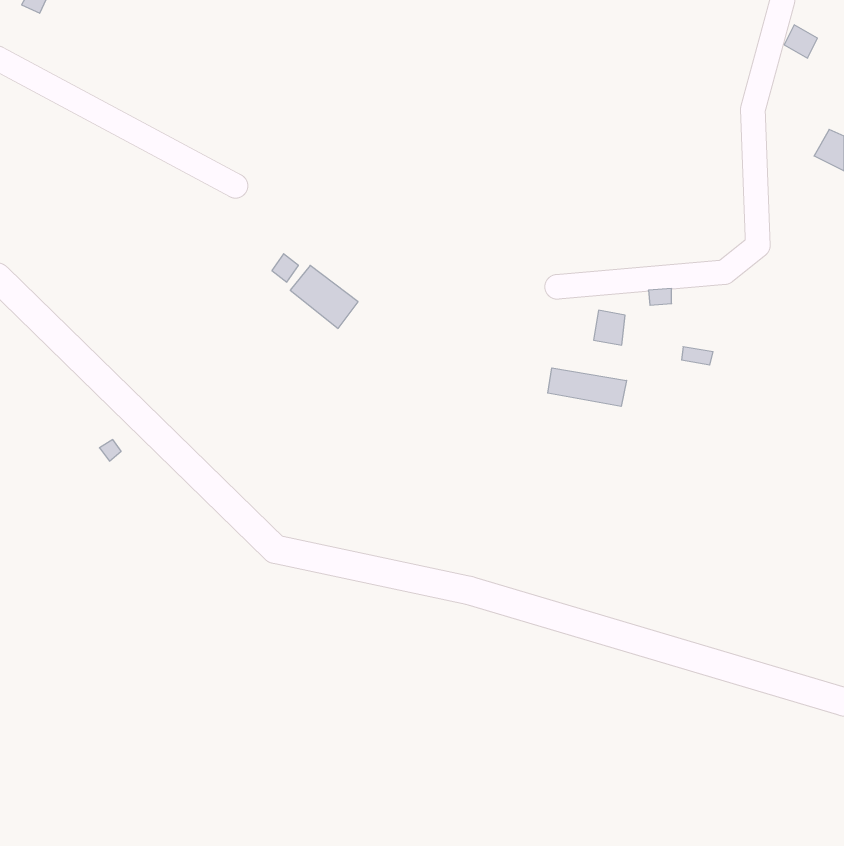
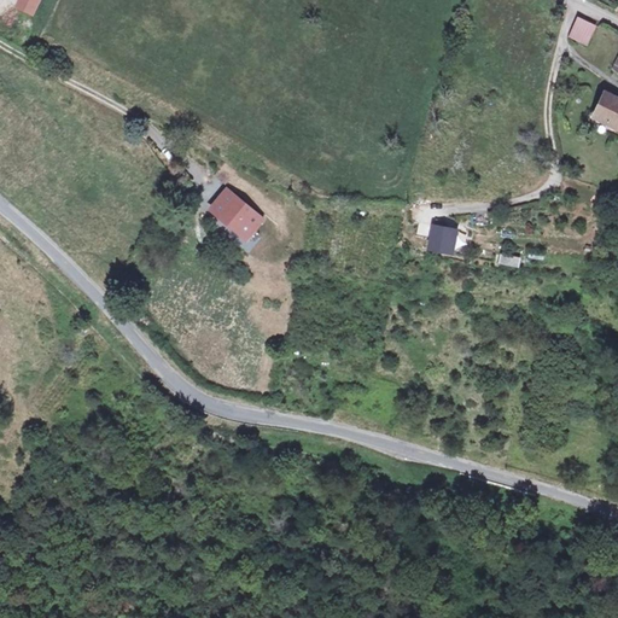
building: [548,368,627,406] -> none

